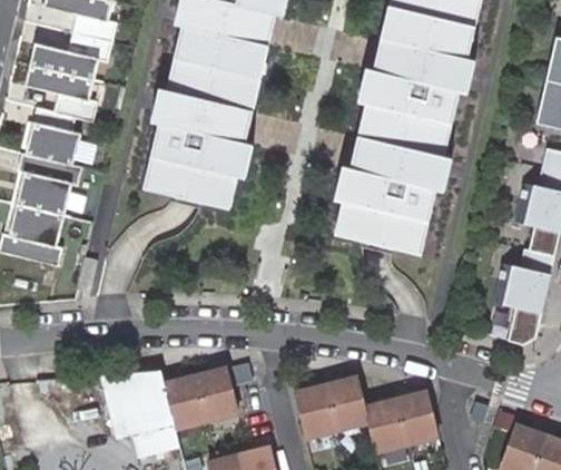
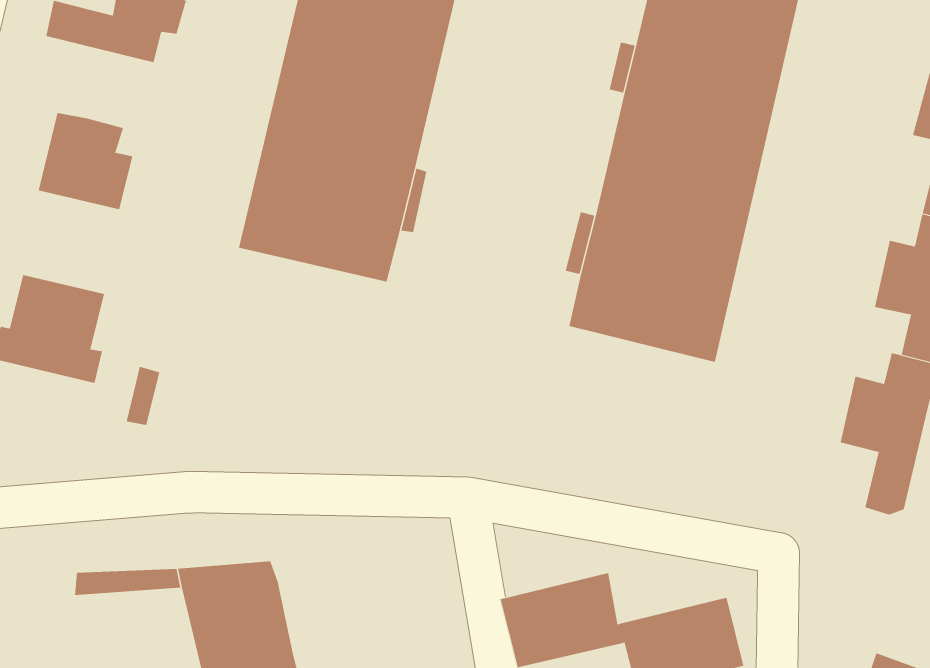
building: [24,65,98,123] -> none
building: [17,154,82,215] -> none
building: [166,364,253,425] -> none

